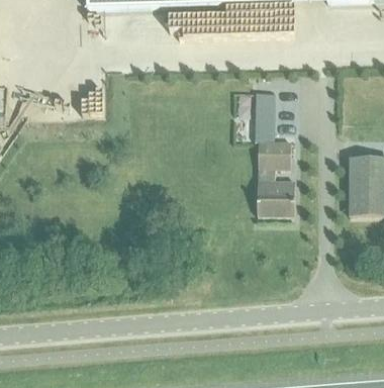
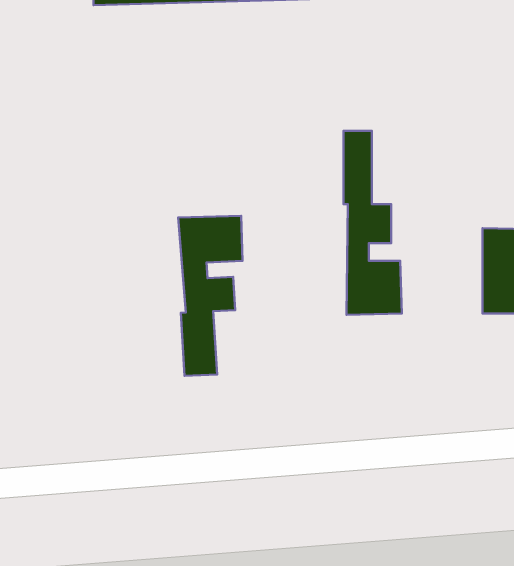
building: none -> [178,216,242,376]

